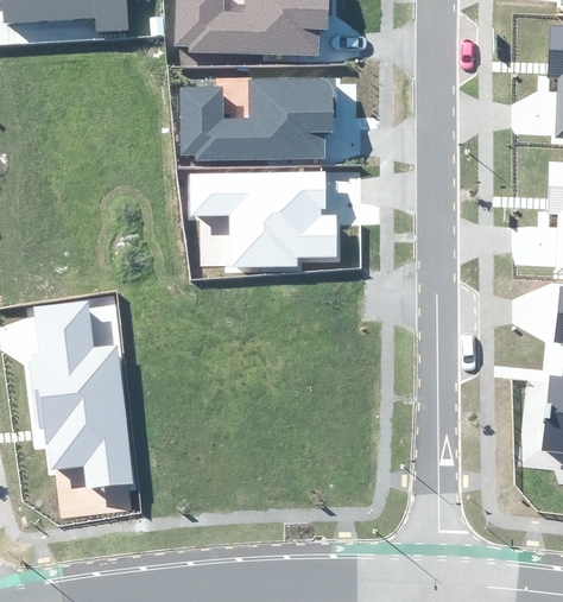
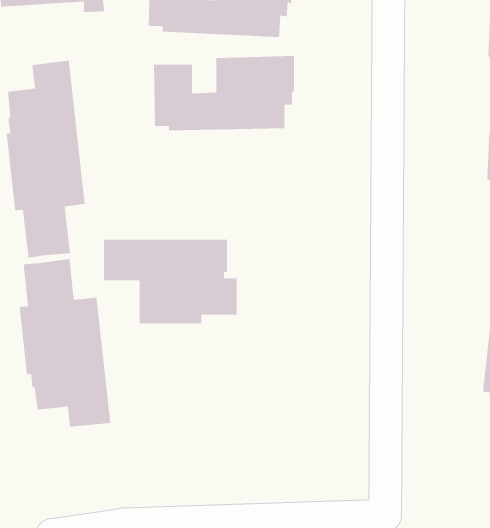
building: none -> [6,60,85,258]
building: [188,172,336,266] -> [103,239,238,324]

